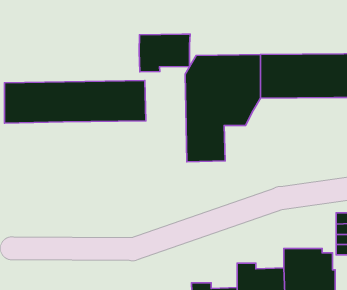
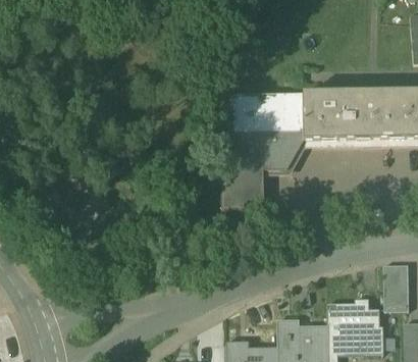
building: [139,34,190,72] -> none
building: [4,81,146,123] -> none

